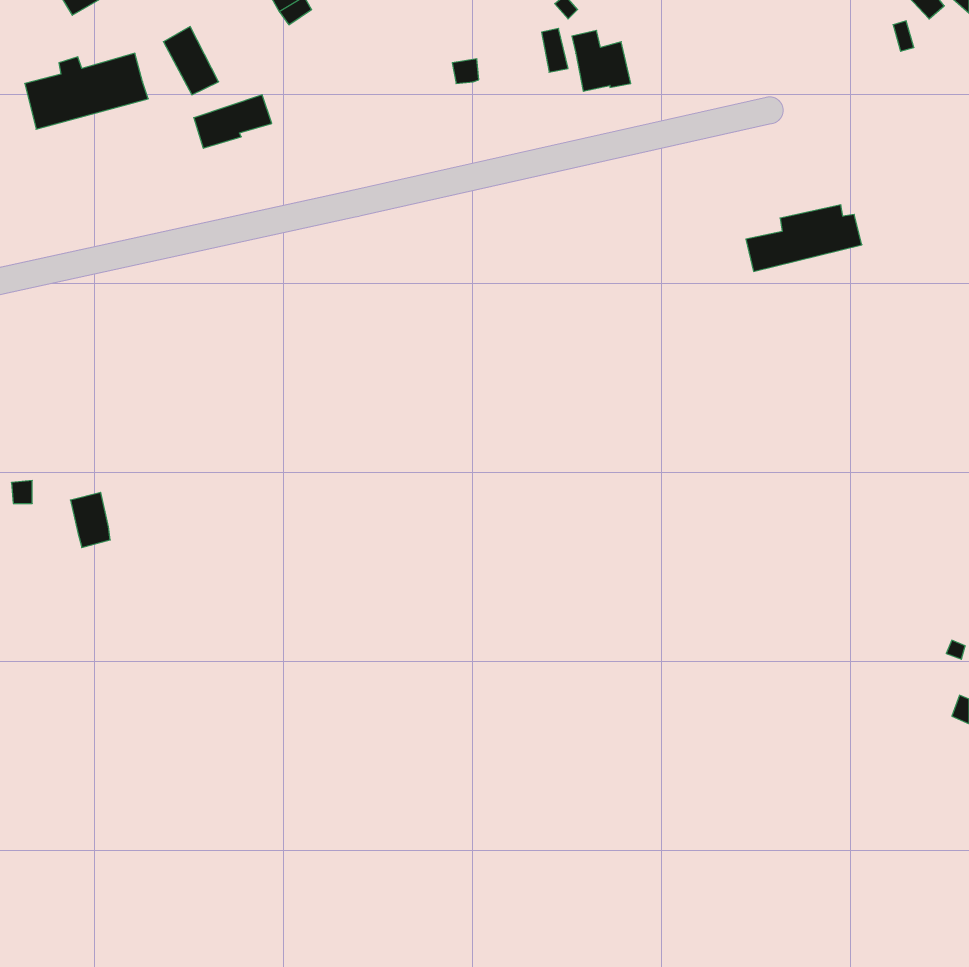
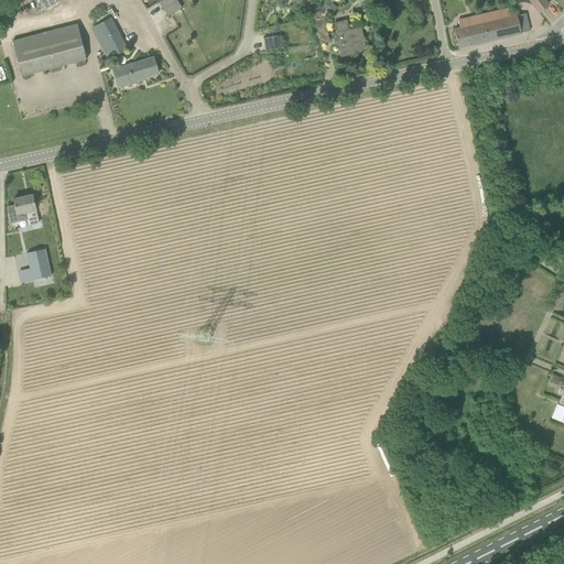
building: [746,205,862,271] -> [453,8,520,46]
building: none -> [7,193,37,224]
building: [70,492,110,548] -> [26,247,50,279]

